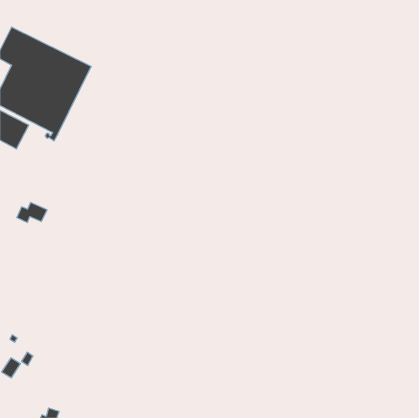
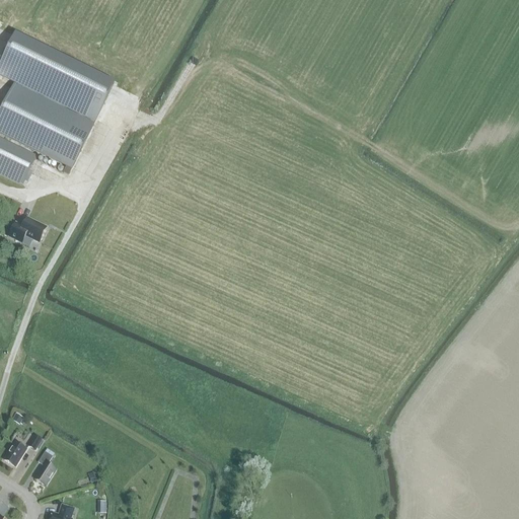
building: [17,203,47,222] -> [8,217,46,241]
building: none -> [33,447,55,485]

